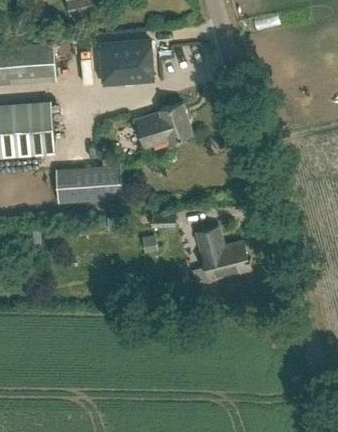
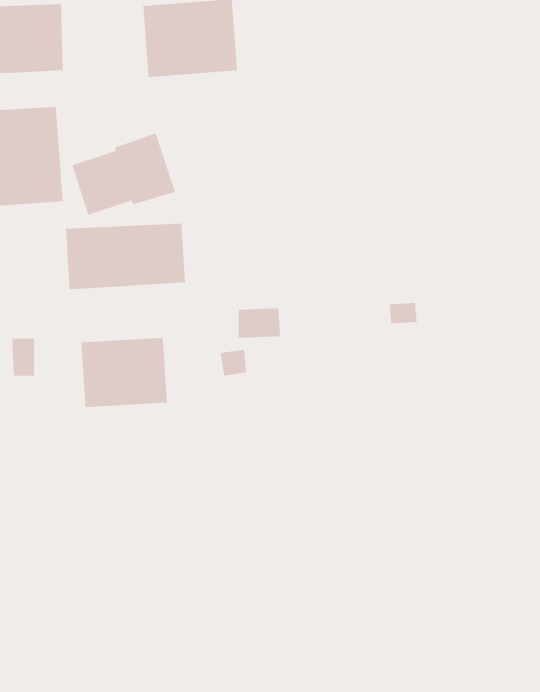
building: [133,103,191,149] -> [72,133,176,216]
building: [192,227,250,286] -> none
building: none -> [81,337,168,408]

